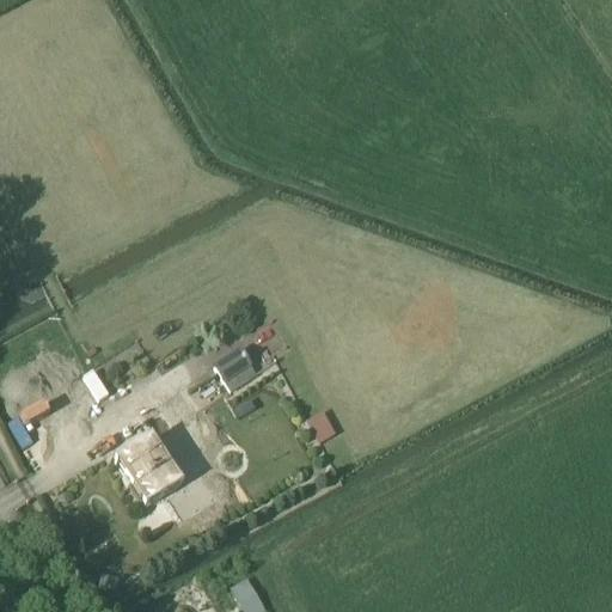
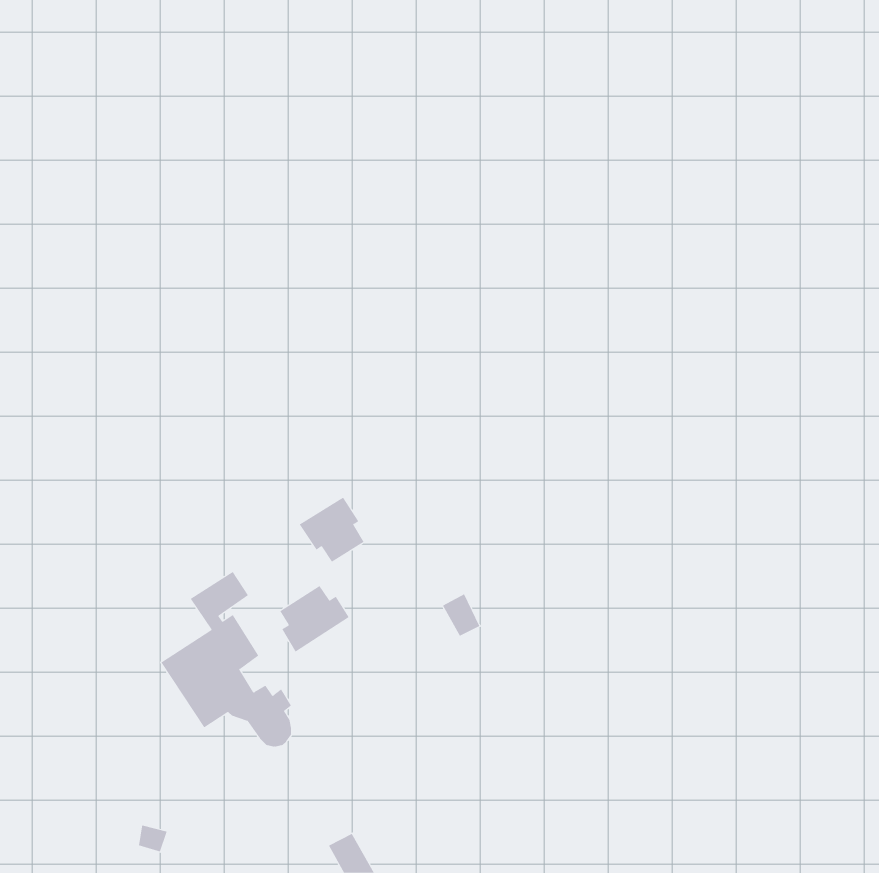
building: none -> [280,585,349,653]

